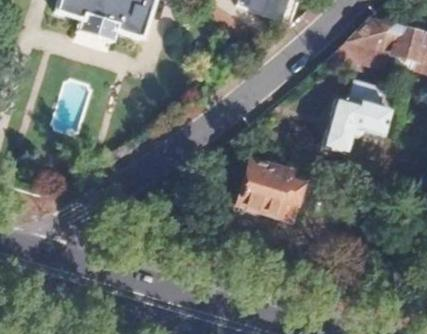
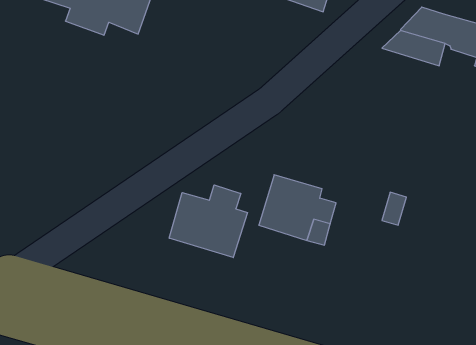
building: [325,79,393,154] -> none
building: none -> [169,185,247,258]

